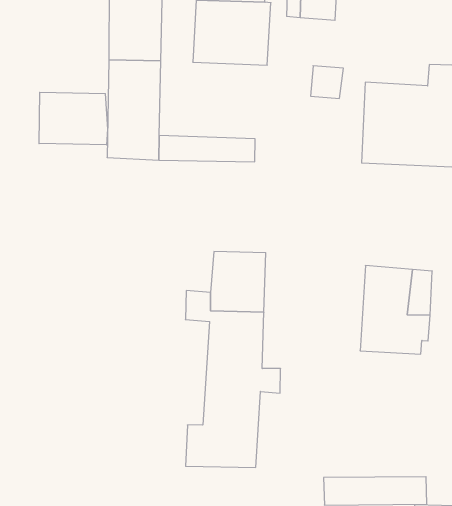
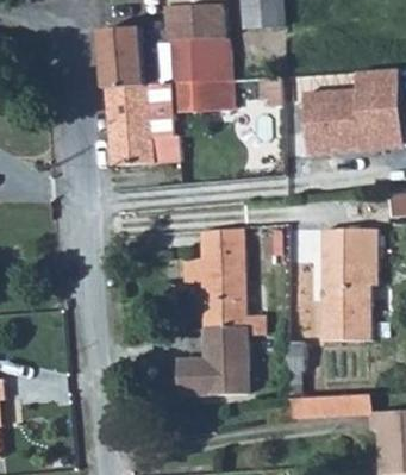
building: none -> [170,81,230,119]
building: [39,92,108,145] -> none
building: none -> [319,296,367,340]

